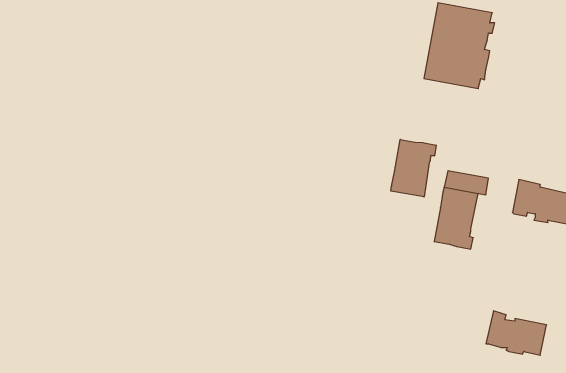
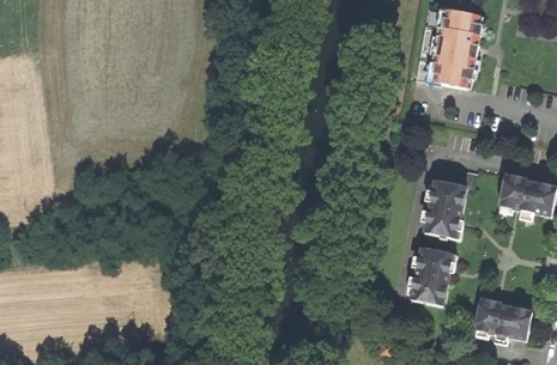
building: [391,139,436,197] -> none
building: none -> [411,249,456,306]

